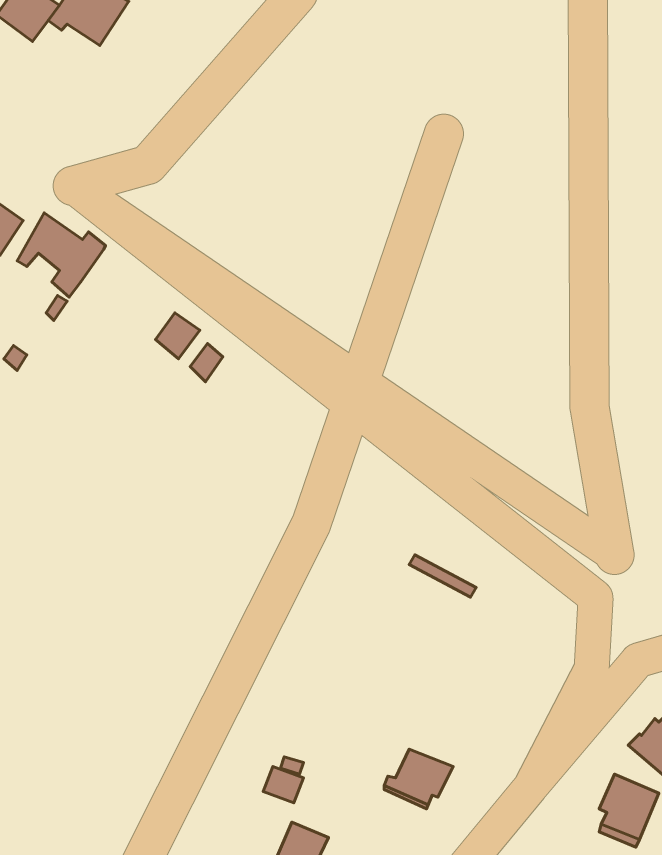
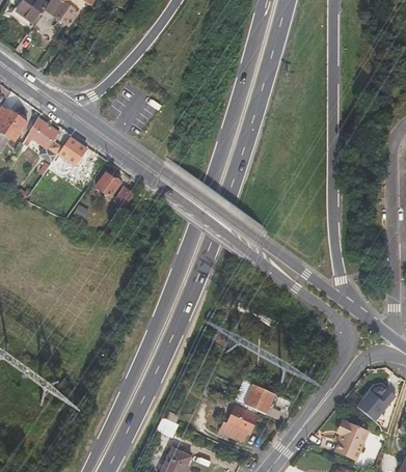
building: none -> [57,137,85,166]
building: none -> [245,384,273,412]

